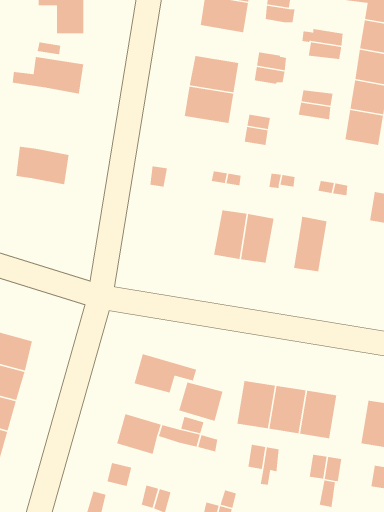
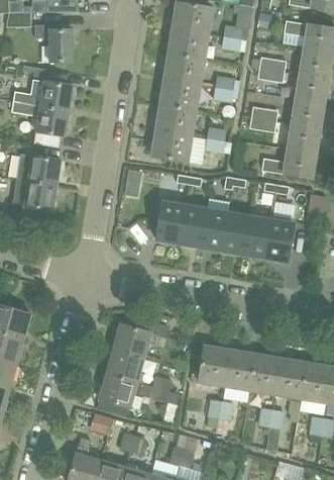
building: none -> [163,55,204,85]
building: none -> [11,102,69,136]
building: none -> [150,129,192,162]
building: none -> [261,149,315,179]
building: none -> [12,179,57,211]
building: none -> [157,197,186,244]
building: none -> [222,213,250,255]
building: none -> [265,215,295,262]
building: [178,381,224,422] -> [106,350,143,383]
building: none -> [274,359,306,399]

